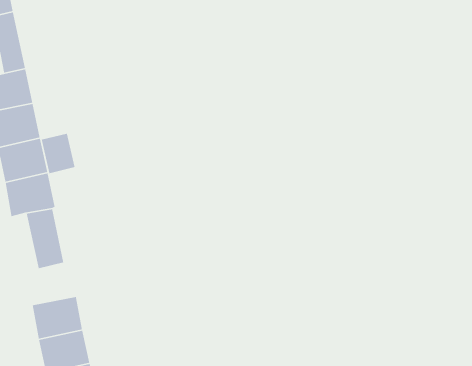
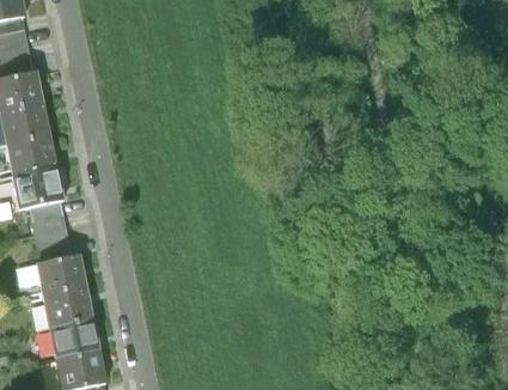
building: [41,133,75,174] -> none
building: none -> [33,255,84,295]

